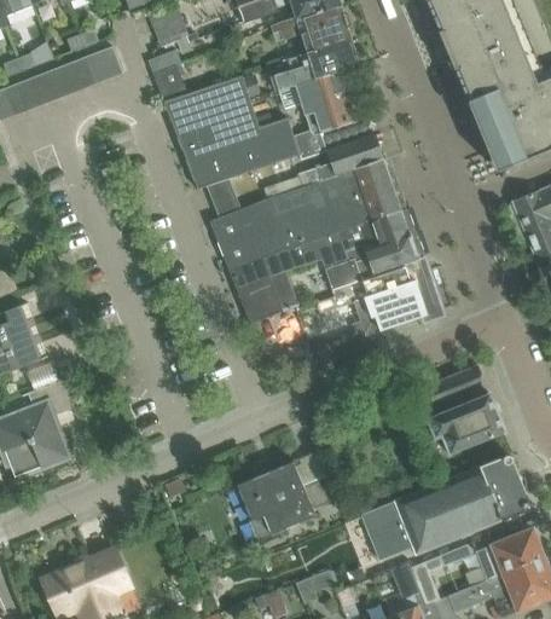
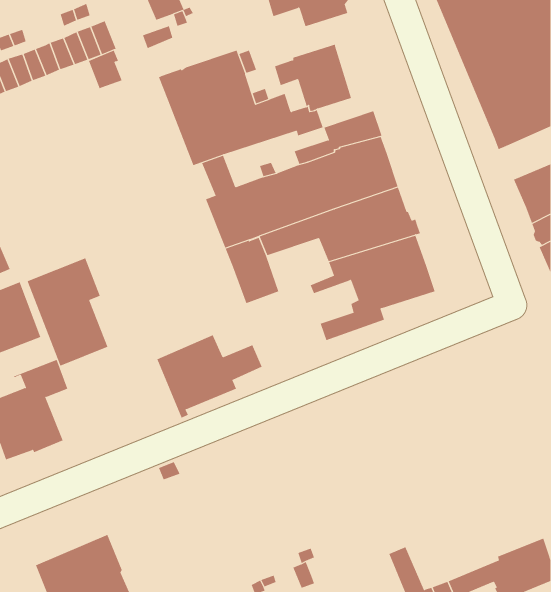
building: [271,37,359,89] -> none
building: [153,62,187,100] -> [88,50,123,89]
building: none -> [27,257,108,366]
building: [425,364,487,406] -> none
building: [425,392,505,455] -> none
building: [360,453,532,557] -> none
building: [238,461,342,543] -> [157,335,263,418]
building: [439,527,543,579] -> none

